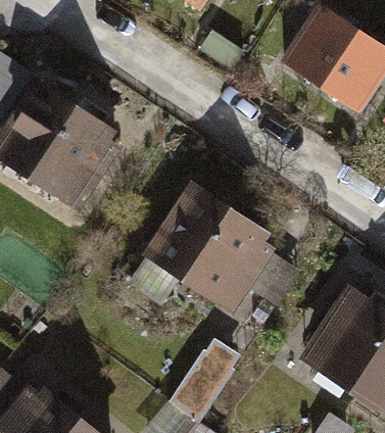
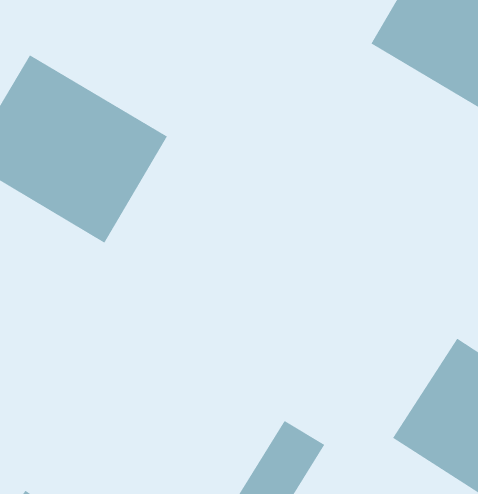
building: [132,179,279,319] -> none

